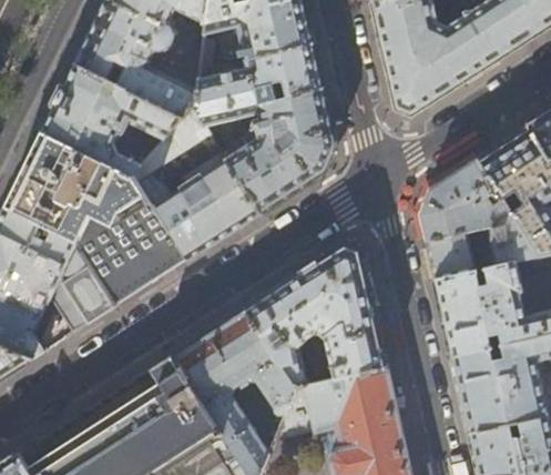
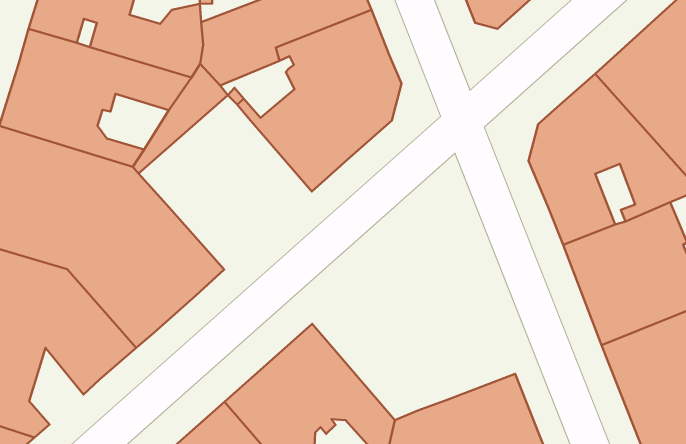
building: [152,151,258,257] -> none
building: [244,243,385,385] -> none

